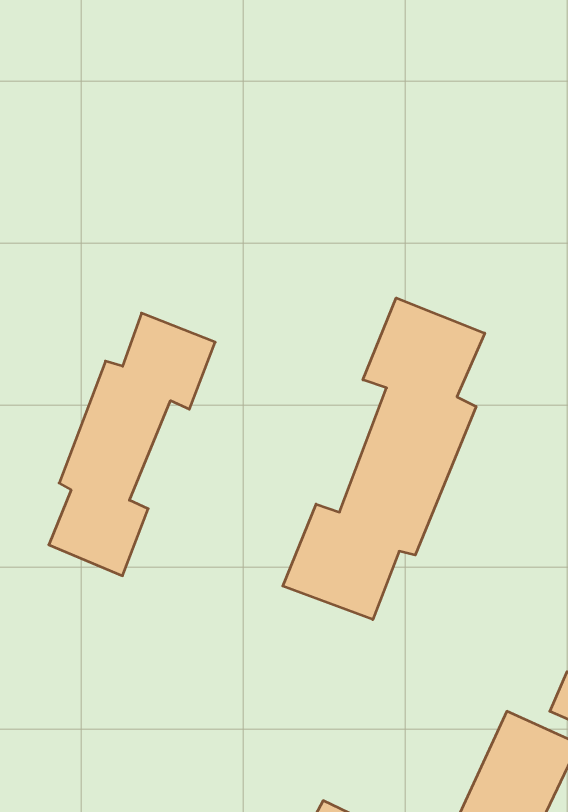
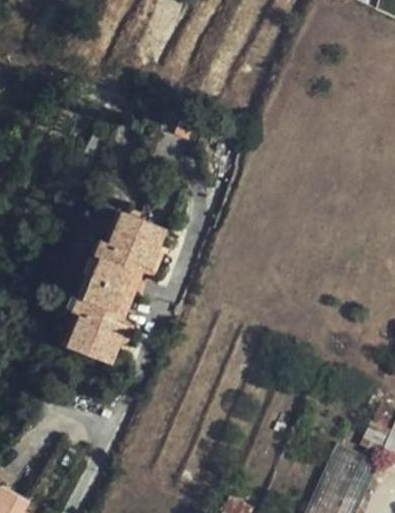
building: [283,298,485,620] -> none

